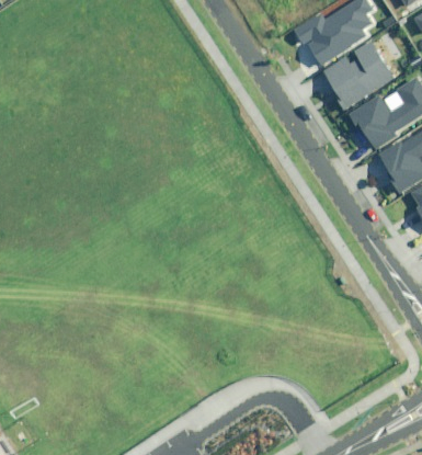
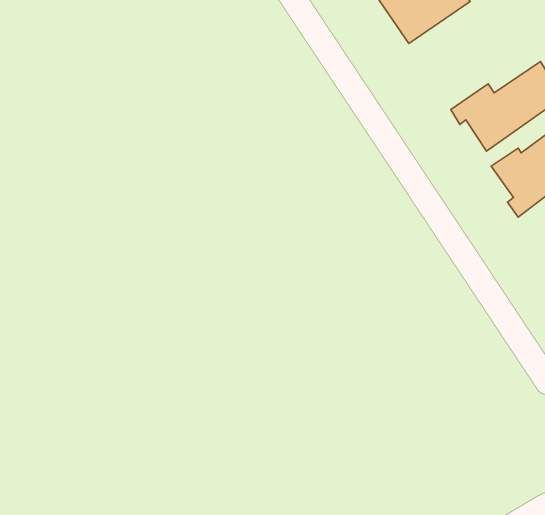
building: [323,41,392,111] -> none

